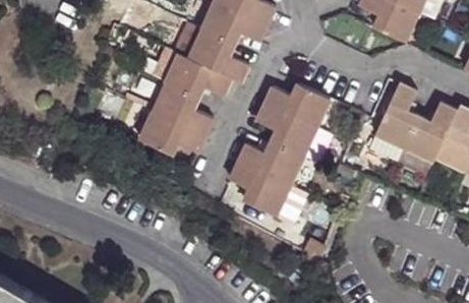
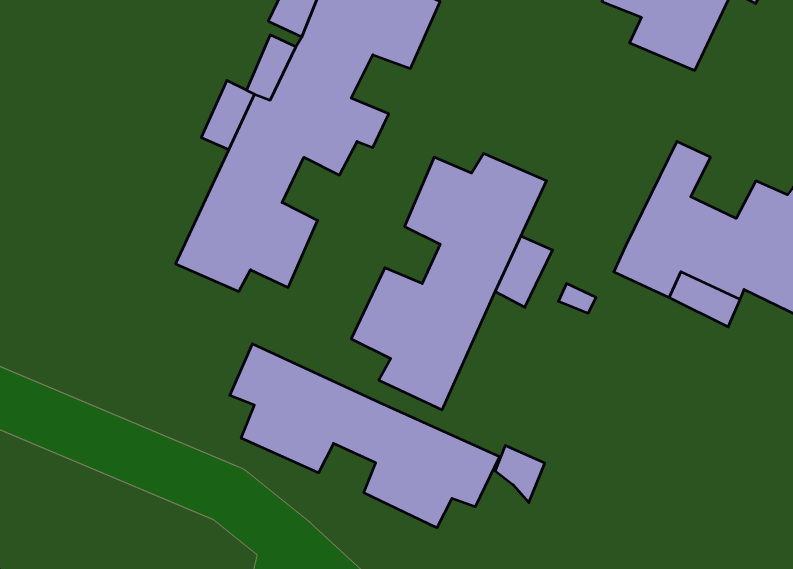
building: none -> [230,344,499,528]

